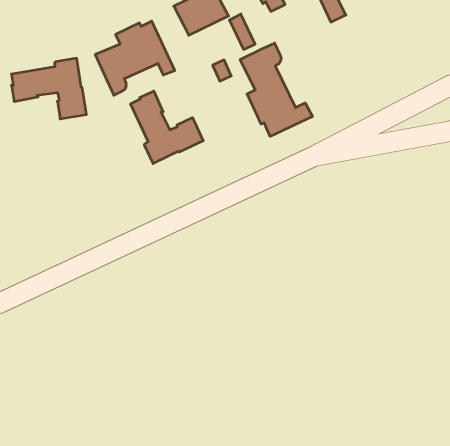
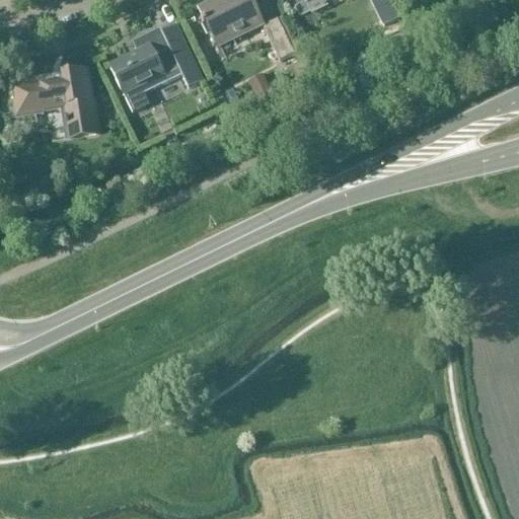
building: [240,43,312,136] -> none
building: [131,91,203,164] -> none

